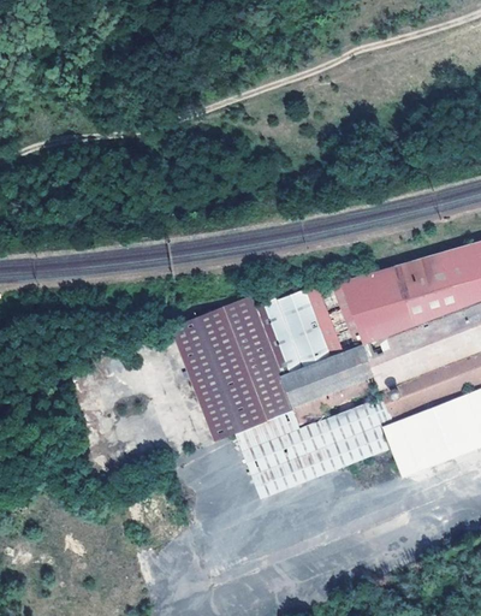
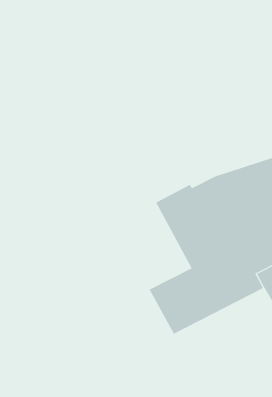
building: [172,297,295,436] -> none

